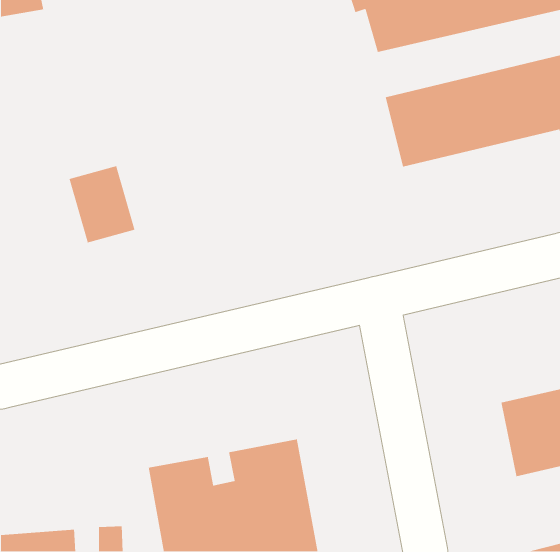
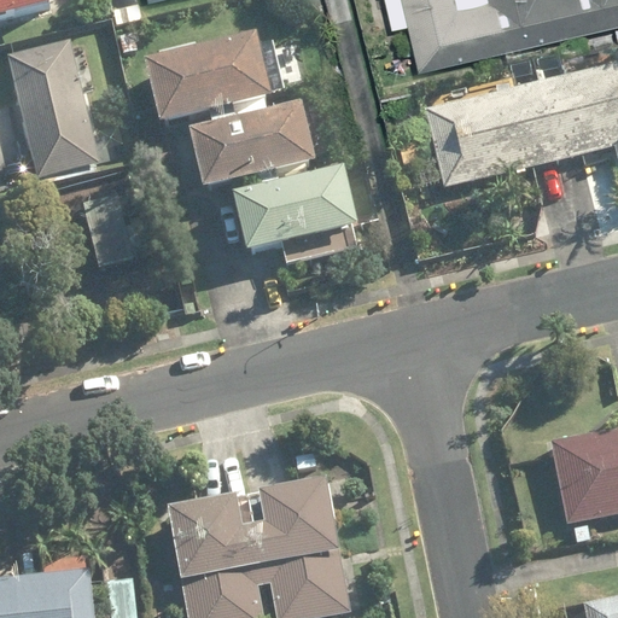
building: none -> [144,37,357,262]
building: none -> [13,46,99,175]

